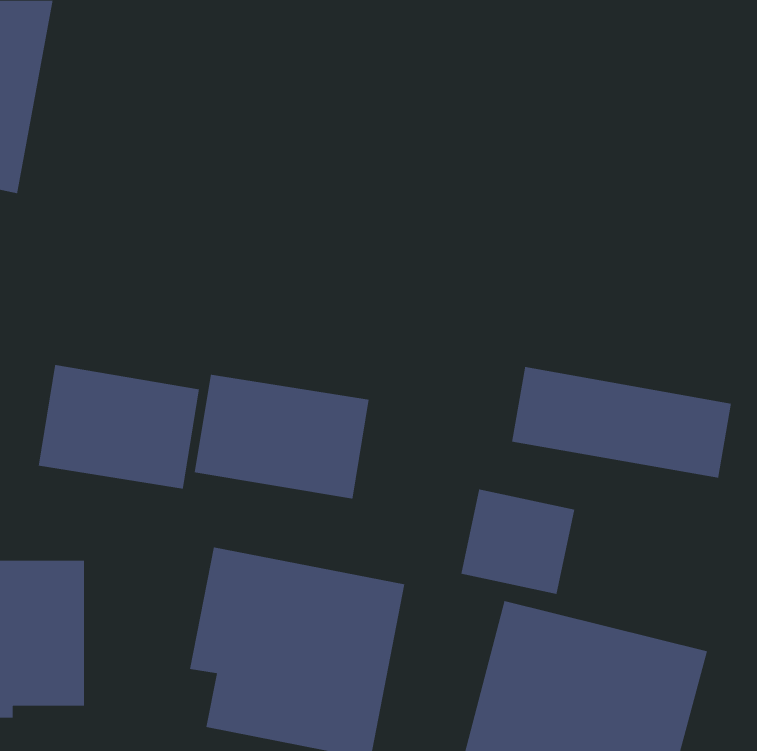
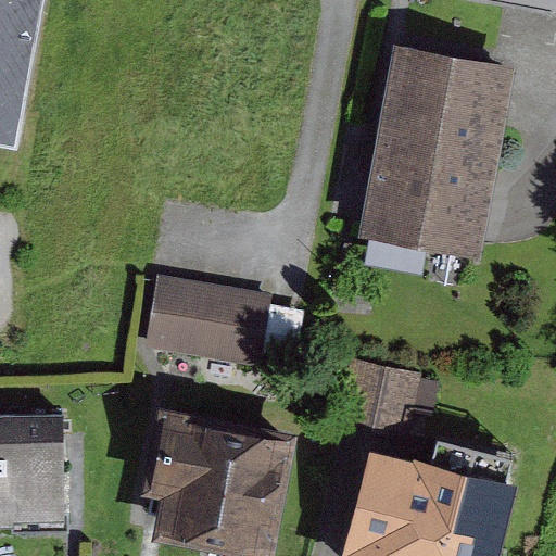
building: none -> [358,45,513,257]
building: [38,364,200,489] -> none
building: [511,366,731,478] -> none

